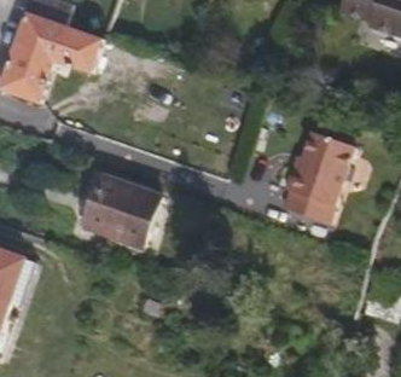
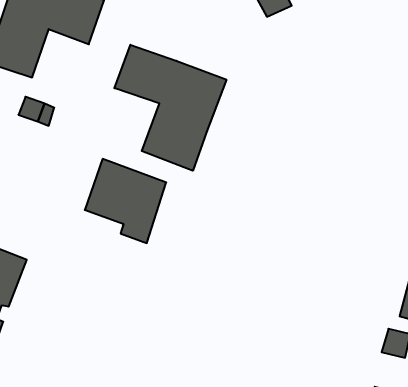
building: none -> [114,45,226,171]
building: [283,132,354,226] -> none

